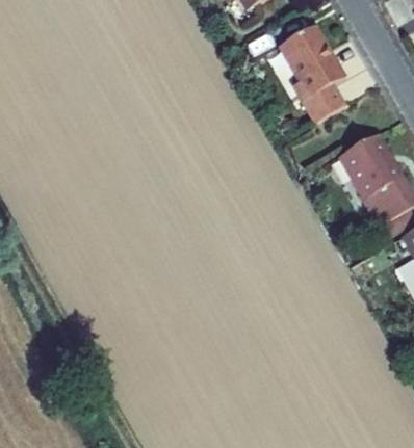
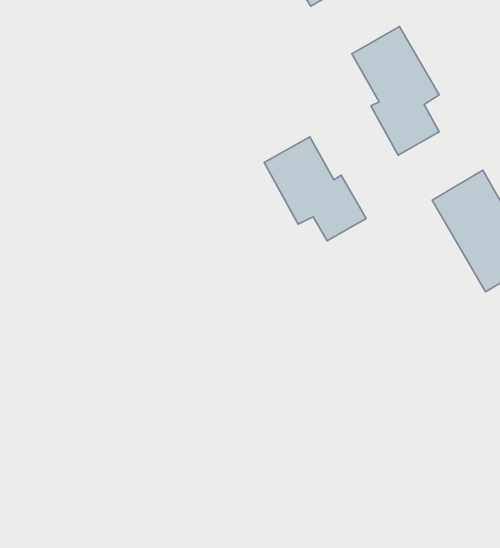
building: none -> [264,137,366,241]

